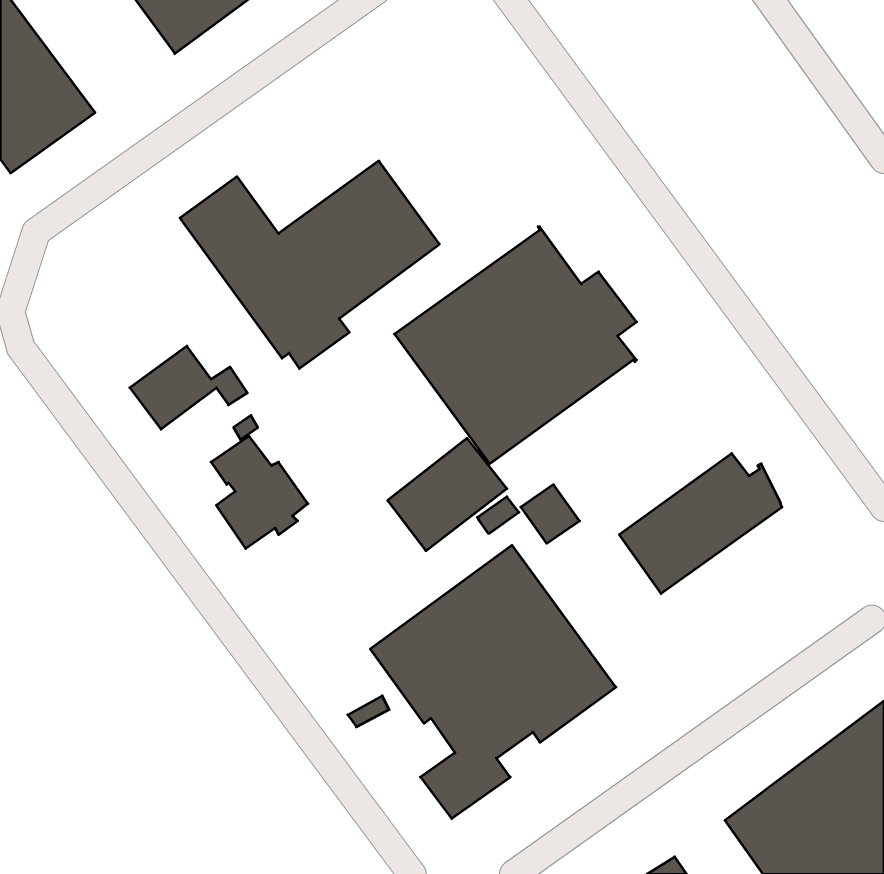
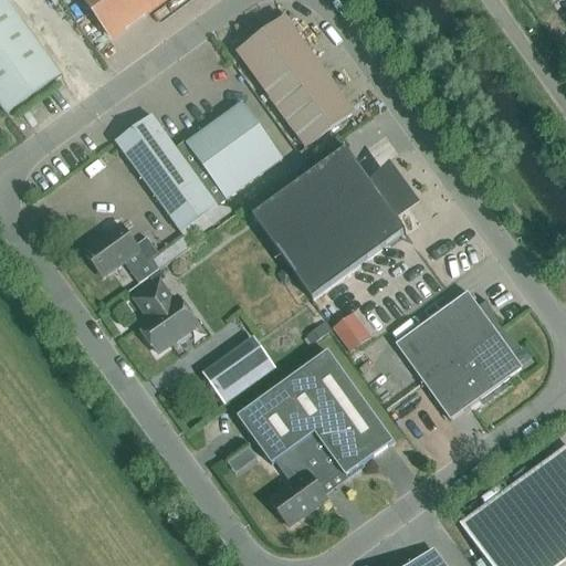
building: none -> [239,17,353,144]
building: [388,438,507,551] -> [193,331,270,402]
building: none -> [420,324,523,418]

